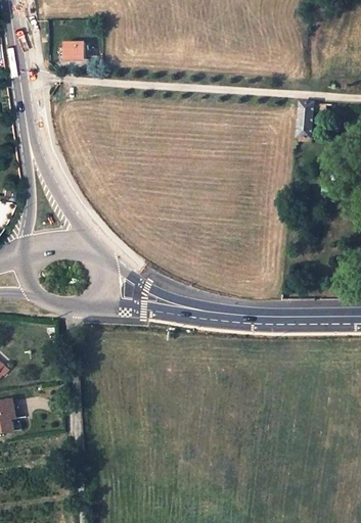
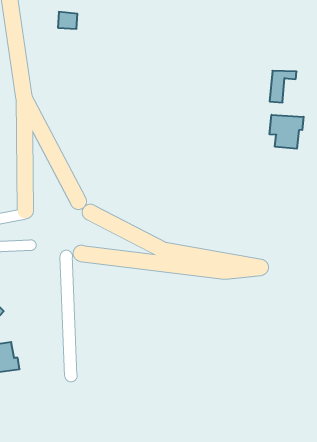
building: none -> [270,115,304,149]

